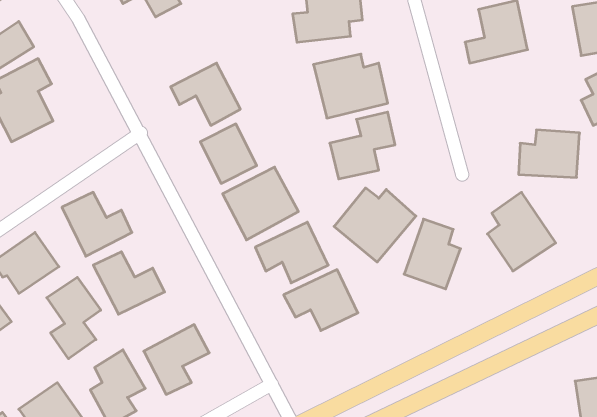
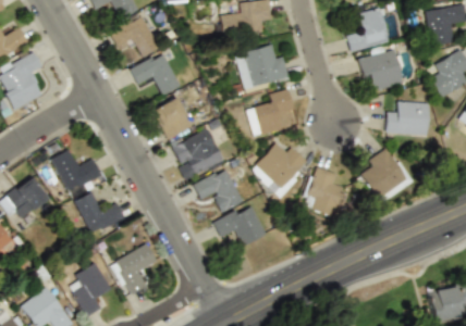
building: none -> [111,15,159,59]
building: none -> [357,46,404,91]
building: [47,277,101,359] -> none

